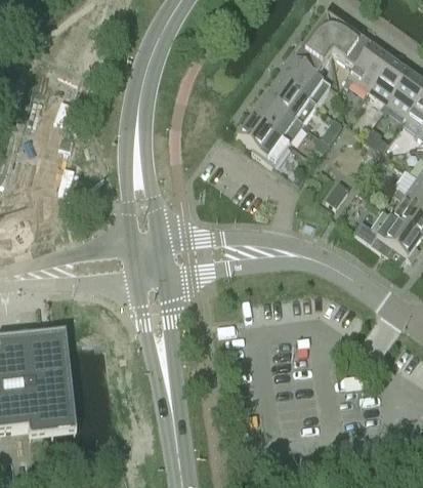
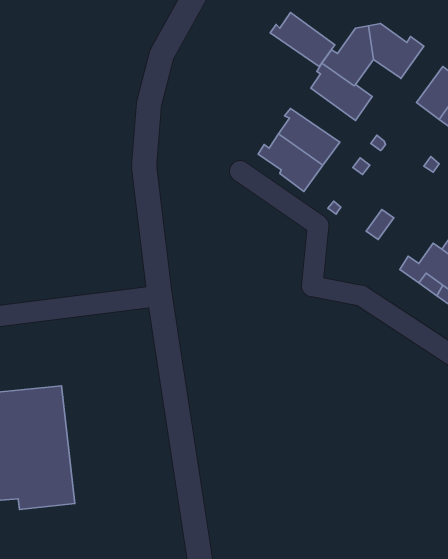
building: [347,40,389,88] -> none
building: [259,76,314,122] -> [270,12,335,66]

